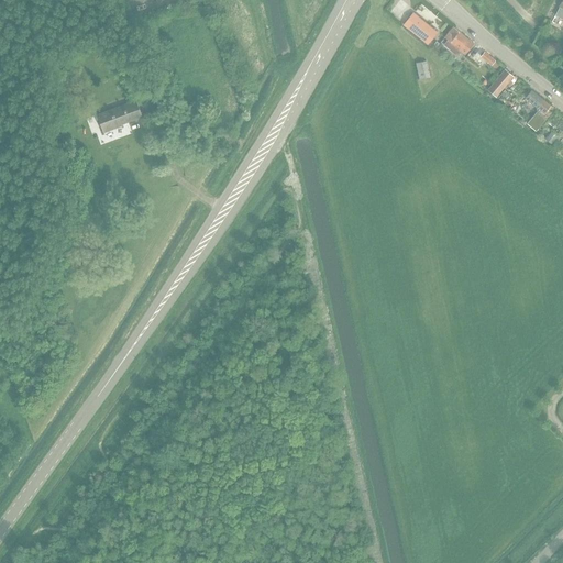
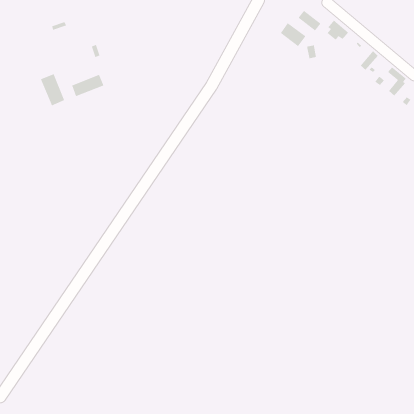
building: none -> [280,22,307,47]
building: none -> [40,73,65,107]

